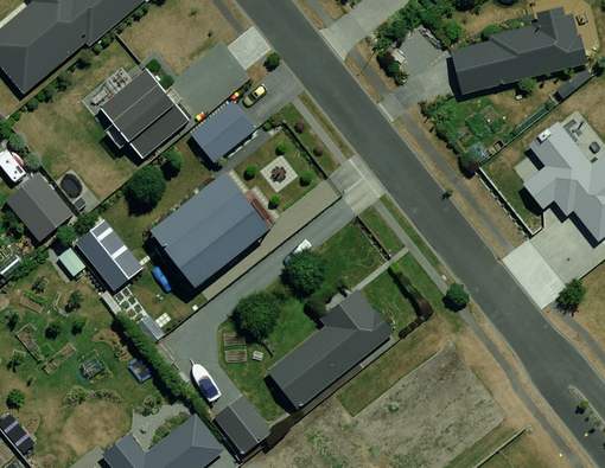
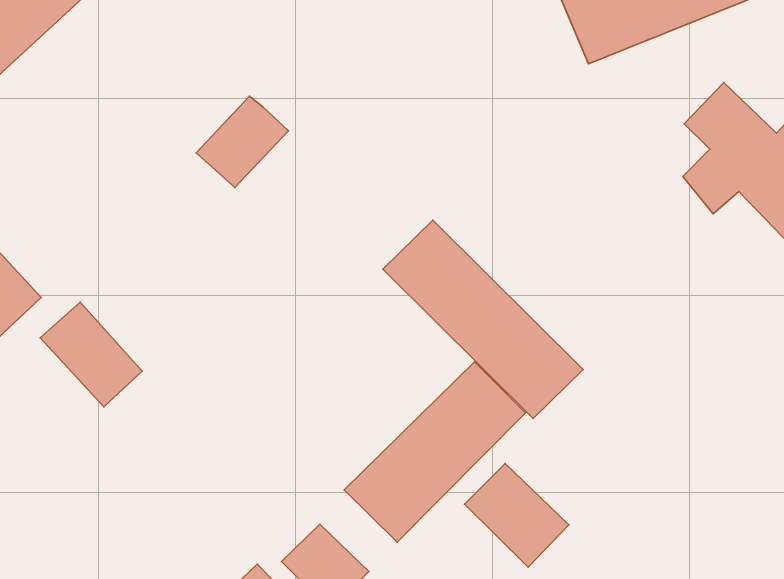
building: [89,71,184,167] -> none
building: [157,166,279,283] -> none
building: none -> [383,220,583,418]
building: none -> [465,464,569,567]

